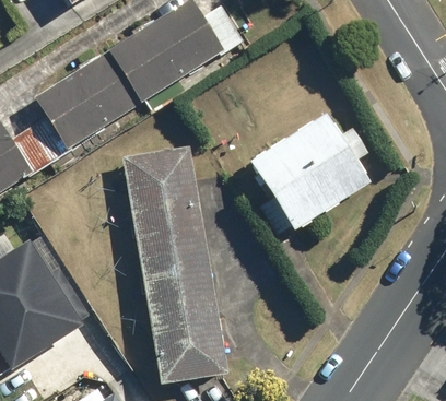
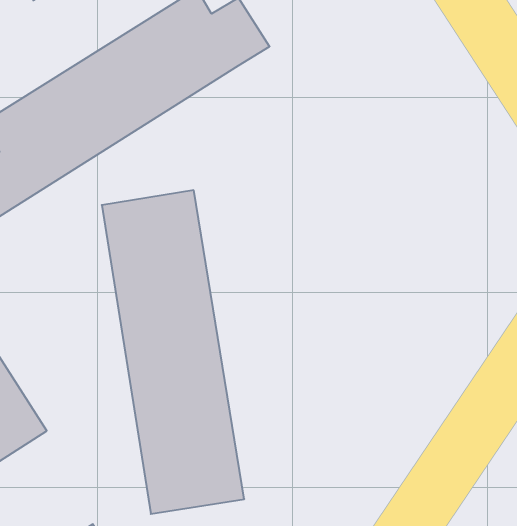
building: [247,113,369,231] -> none

